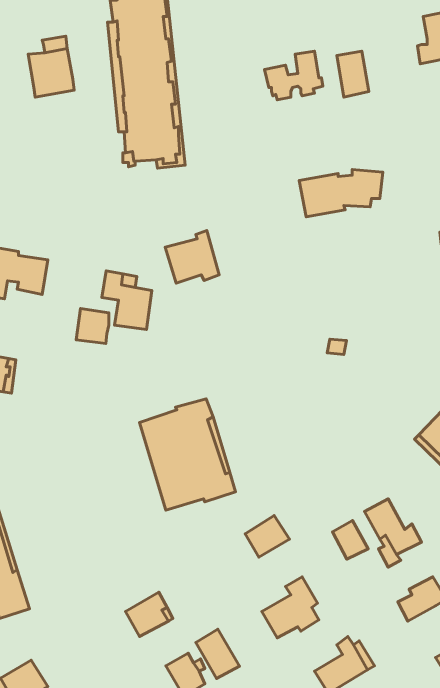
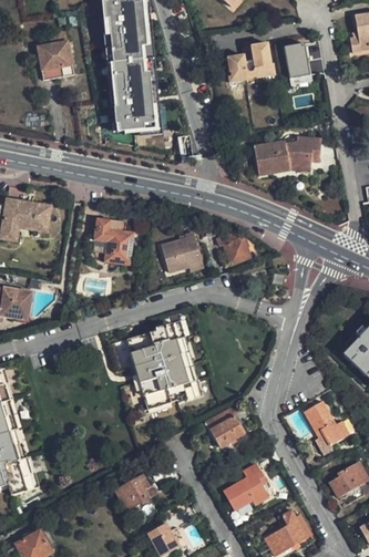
building: [165,230,219,283] -> [161,229,204,271]
building: none -> [215,231,249,265]
building: [76,309,109,344] -> none
building: [332,521,368,559] -> none
building: [196,629,240,678] -> none

